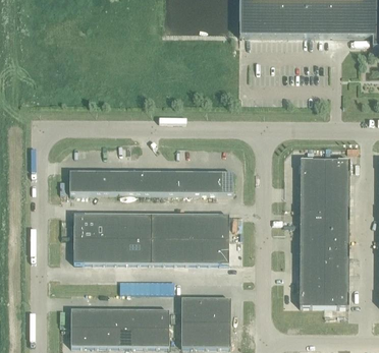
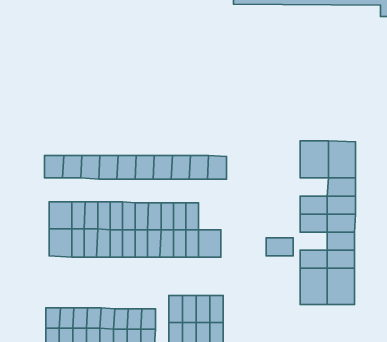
building: [300,191,325,208] -> none
building: [208,214,228,238] -> none
building: [300,240,324,256] -> [266,238,293,256]

